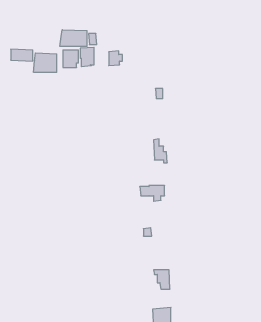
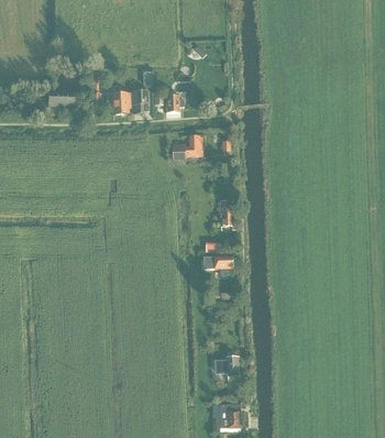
building: [60,30,87,46] -> none
building: [34,53,57,72] -> none
building: none -> [172,134,202,158]

